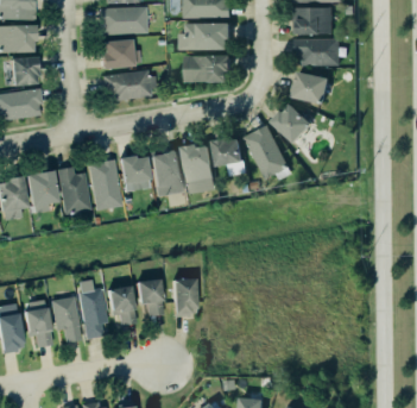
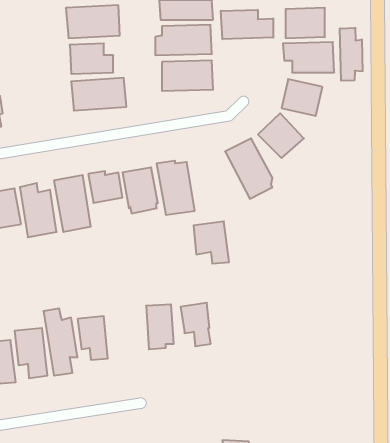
building: none -> [221,10,273,39]
building: none -> [340,28,363,81]
building: [214,138,246,176] -> [194,221,229,264]
building: [134,276,162,315] -> [181,303,211,346]

